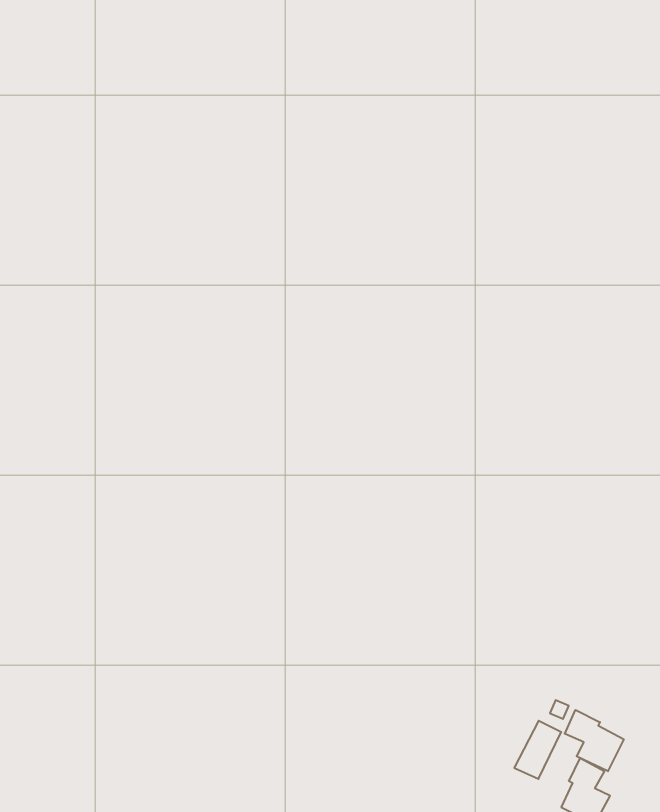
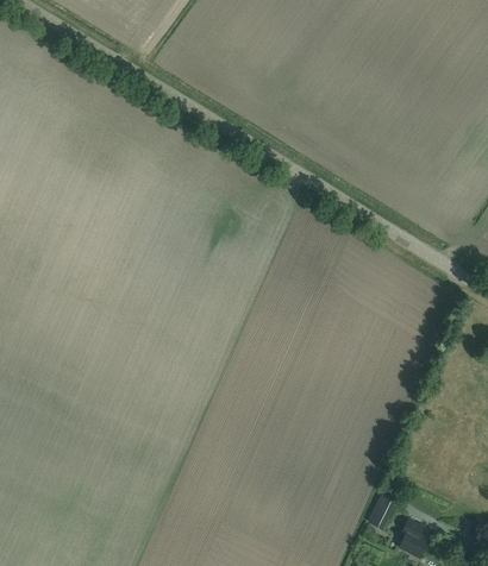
building: [565,710,624,771] -> none

